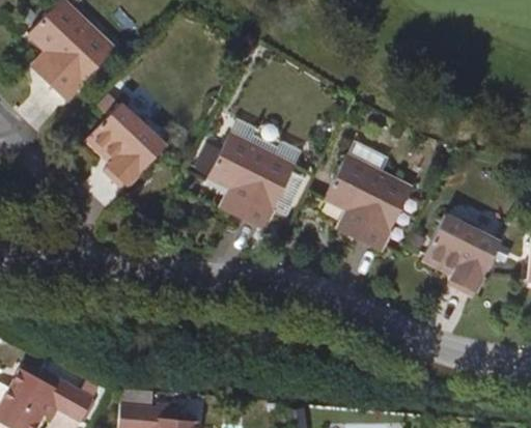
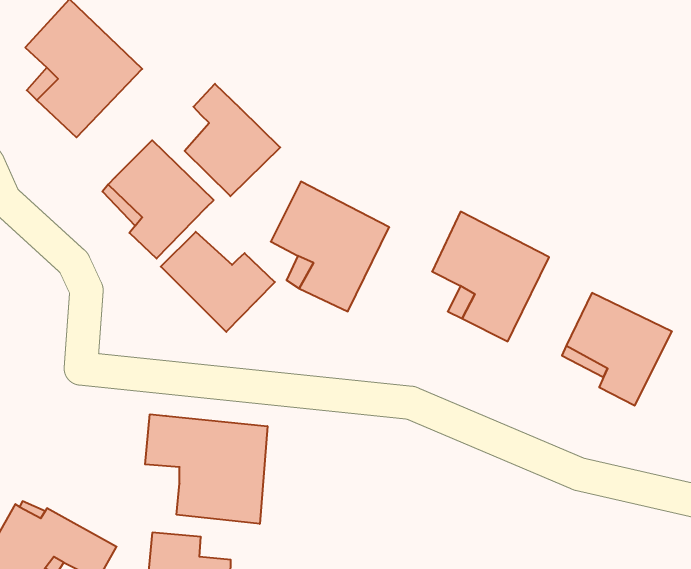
building: none -> [185,84,280,196]
building: none -> [161,232,275,332]
building: none -> [145,414,267,524]

